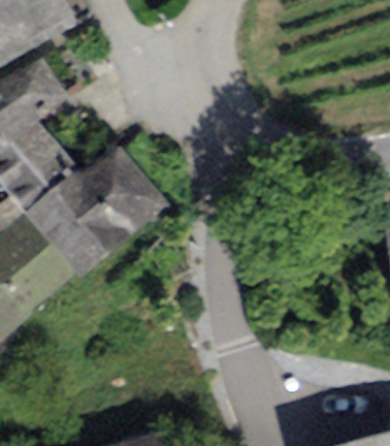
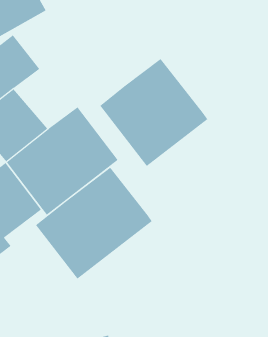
building: none -> [99,58,208,167]
building: none -> [35,167,153,280]

